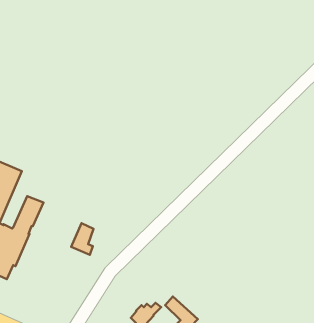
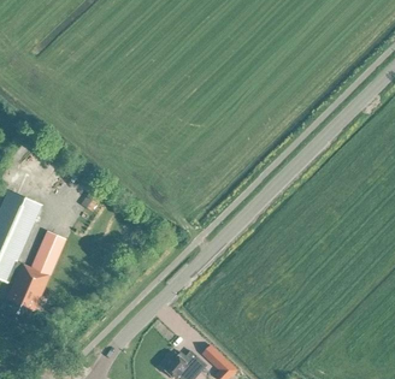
building: [71,223,94,255] -> none

